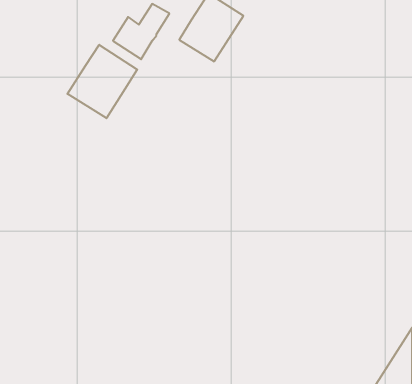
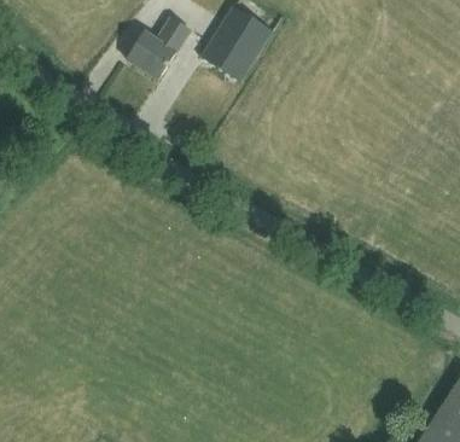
building: [67,45,137,118] -> none

